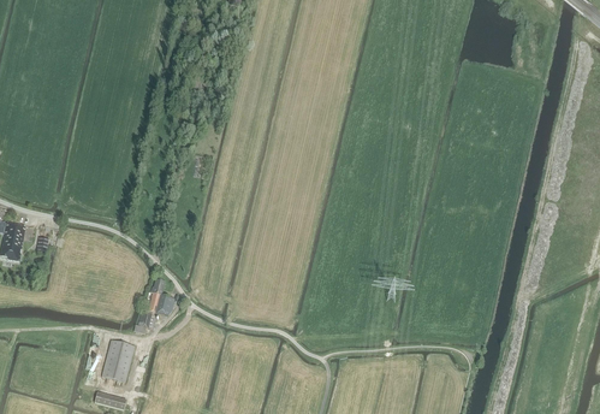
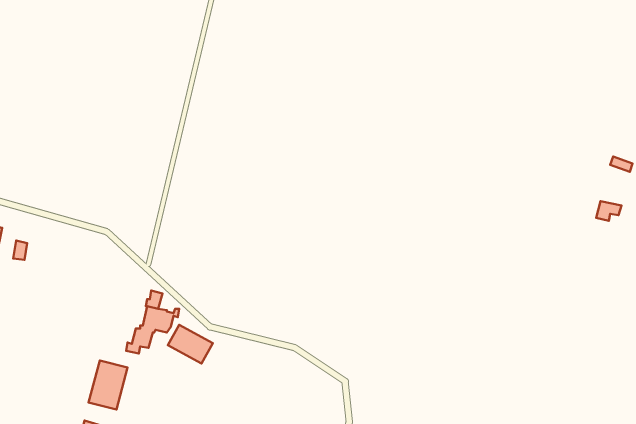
building: none -> [168,325,213,363]

